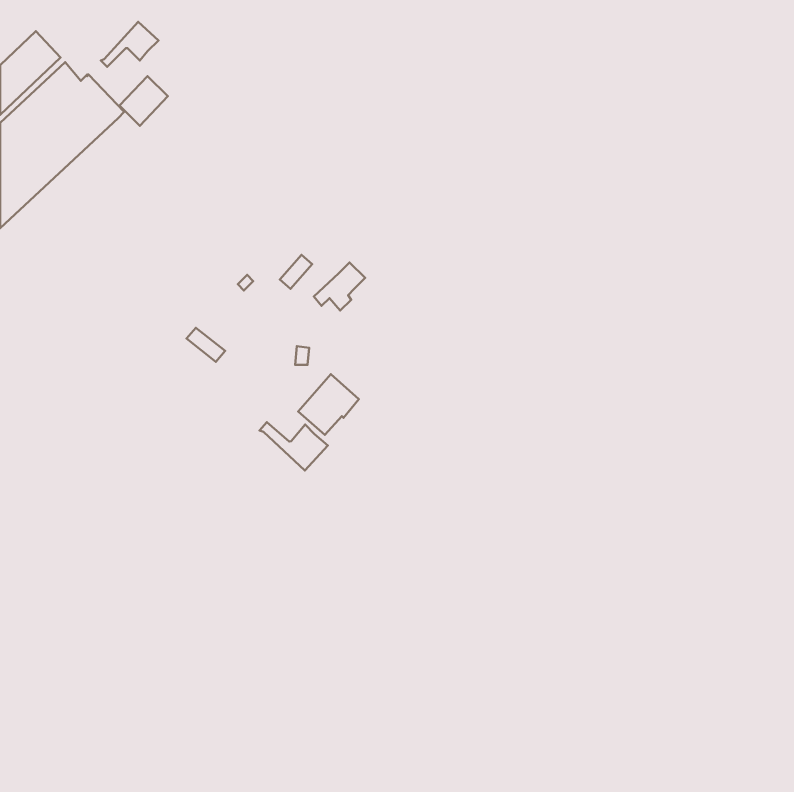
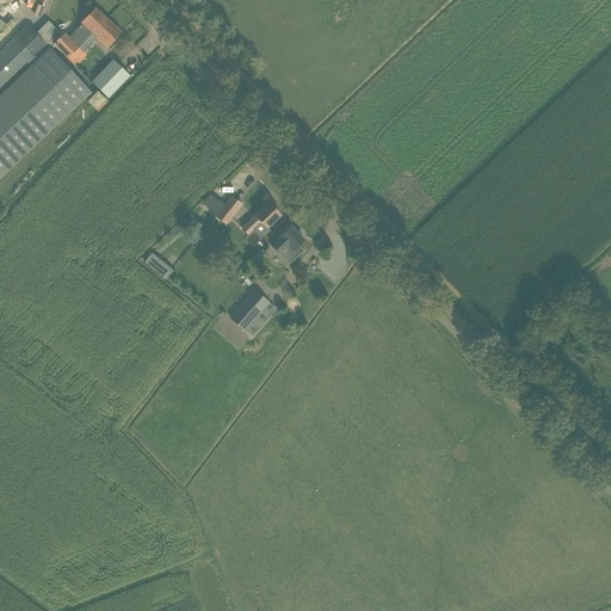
building: none -> [54,7,106,58]
building: none -> [271,226,304,263]
building: [260,422,328,470] -> none

